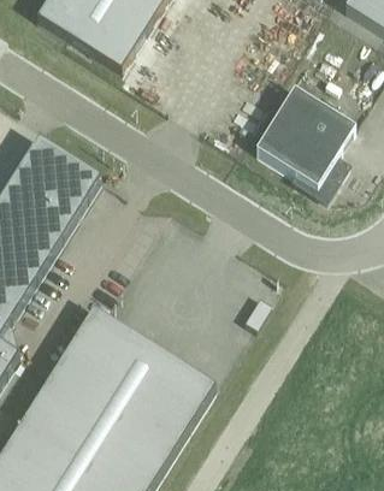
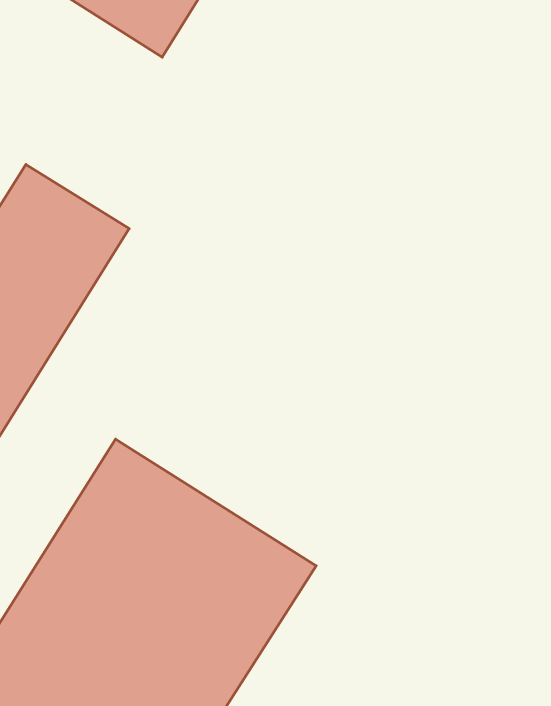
building: [258,85,358,196] -> none

